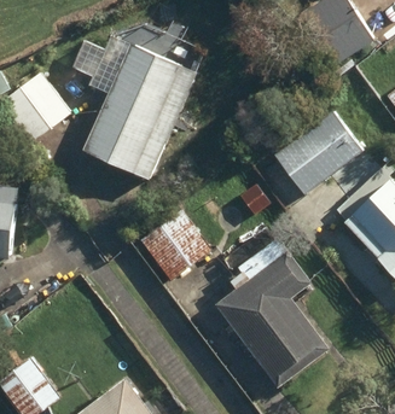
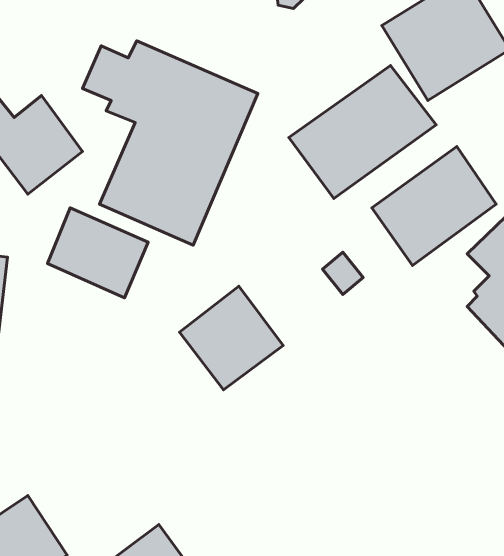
building: none -> [289,66,436,199]
building: none -> [48,208,148,298]
building: [214,247,329,386] -> none

